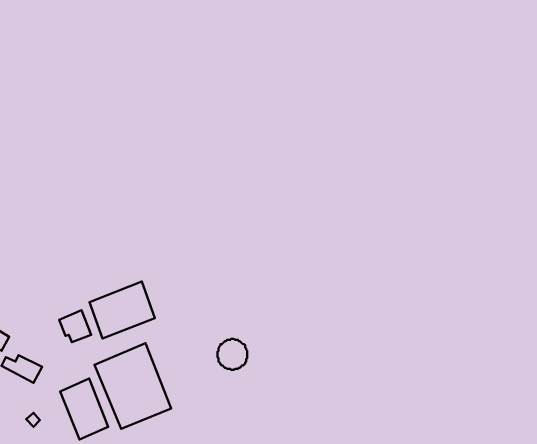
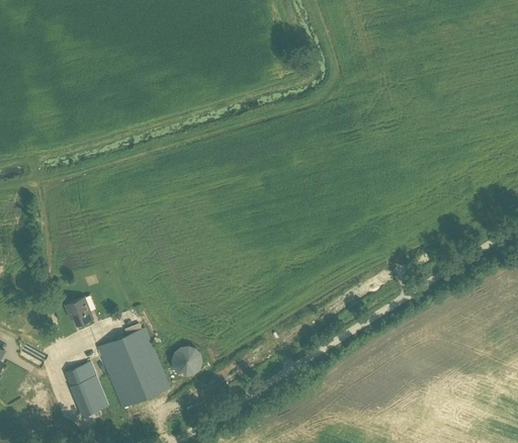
building: [90,282,155,339] -> none
building: [217,339,247,370] -> [173,345,201,374]

